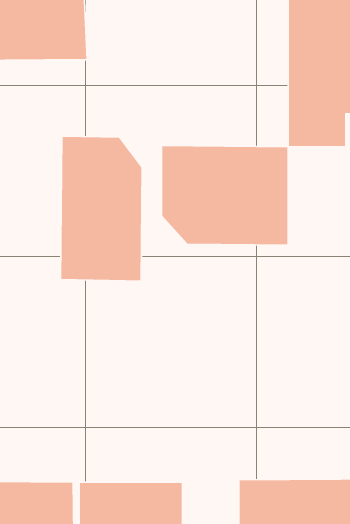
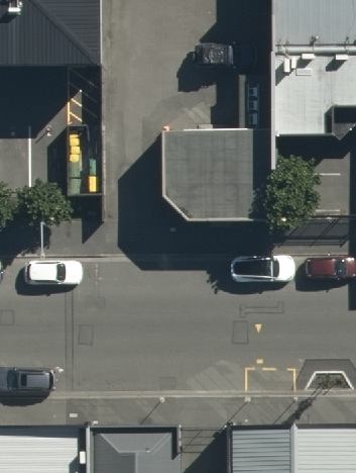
building: [60,136,142,281] -> none

